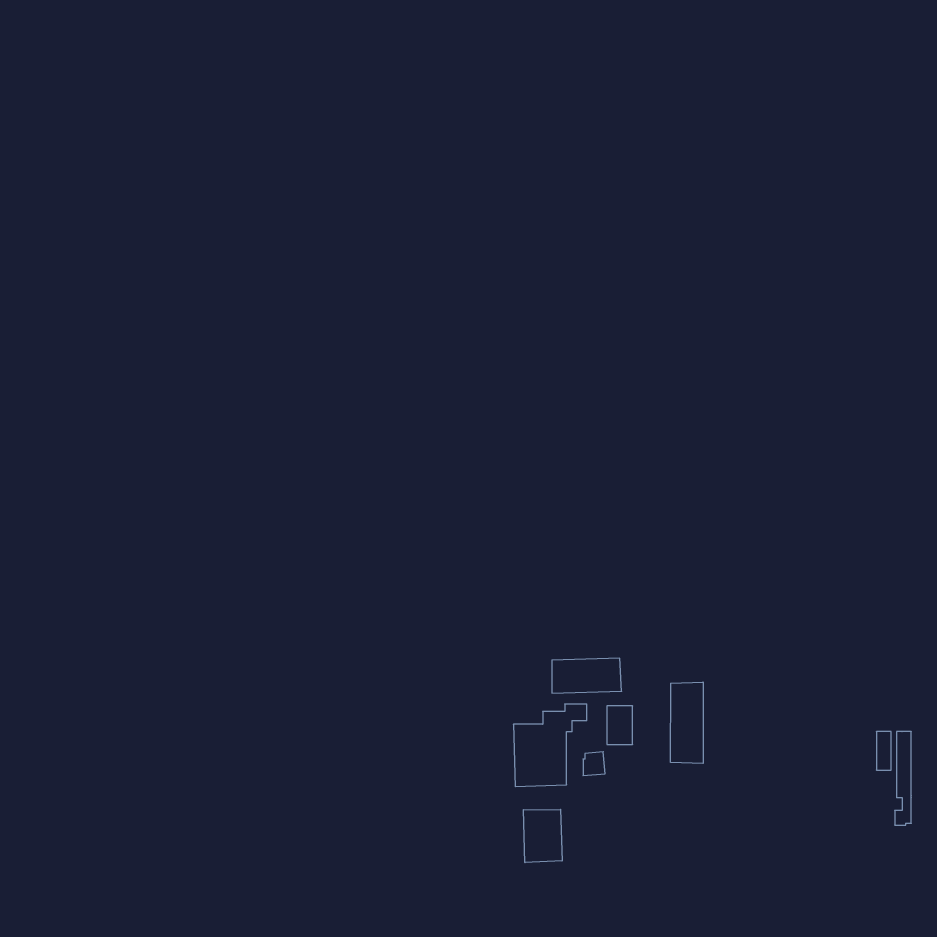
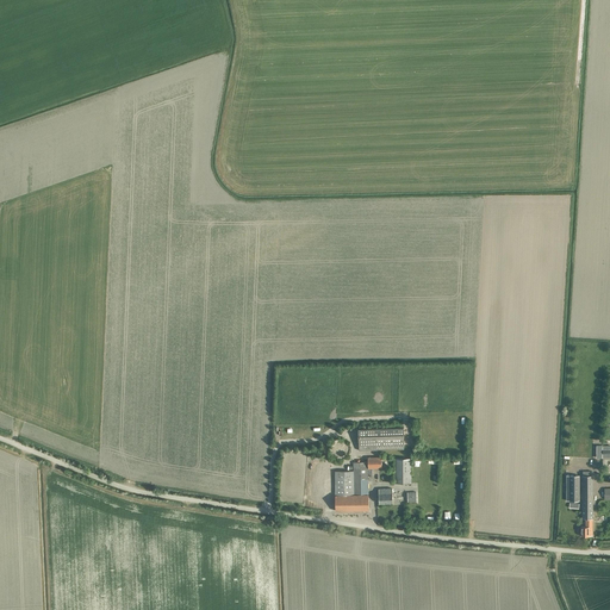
building: [671,682,703,763] -> none
building: [523,809,562,863] -> none

